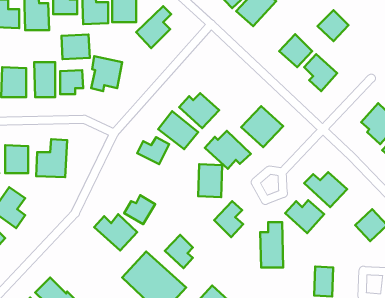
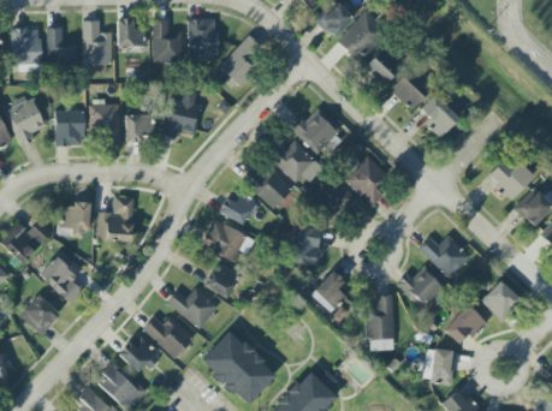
building: [317,10,348,41] -> [364,48,402,85]
building: [62,35,90,59] -> none
building: [205,131,251,169] -> [291,109,346,155]
building: none -> [202,220,255,261]
building: none -> [444,304,487,344]
building: [165,235,193,268] -> none
building: none -> [143,316,195,359]
building: none -> [119,339,159,375]

